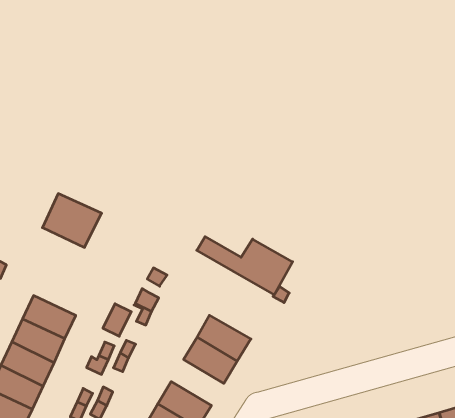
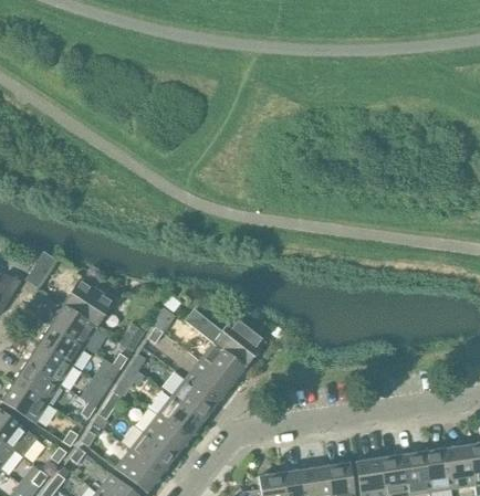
building: [42,194,102,247] -> [62,277,115,327]
building: [197,237,293,295] -> [184,309,265,368]
building: none -> [171,378,217,421]

